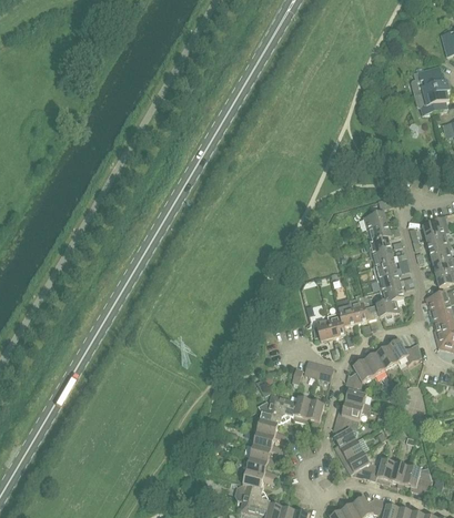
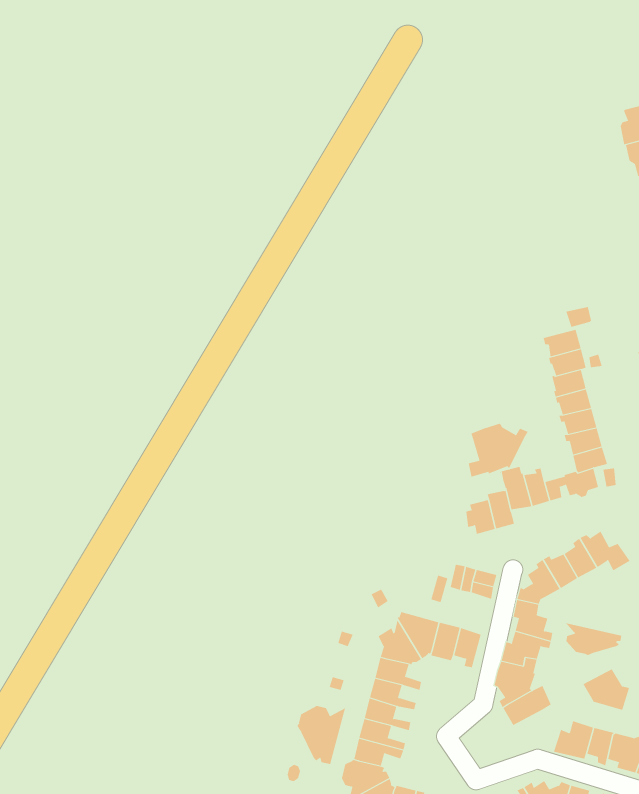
building: none -> [468,423,528,478]
building: none -> [564,622,622,656]
building: none -> [297,705,346,765]
building: [344,451,374,478] -> [582,668,630,711]

